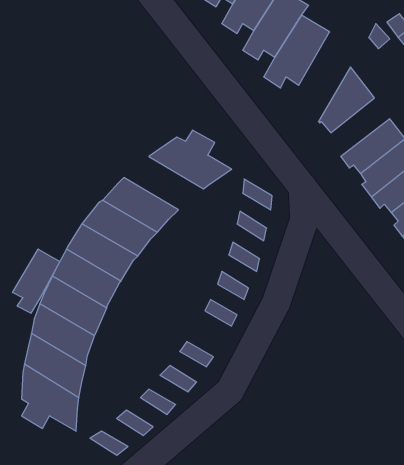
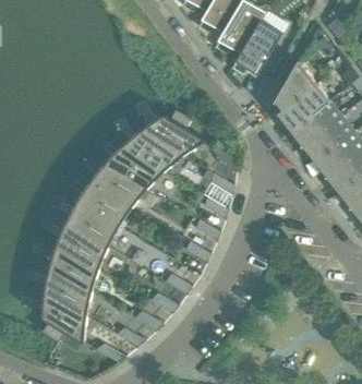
building: none -> [283,84,329,130]
building: none -> [122,130,184,171]
building: [13,249,60,313] -> none

